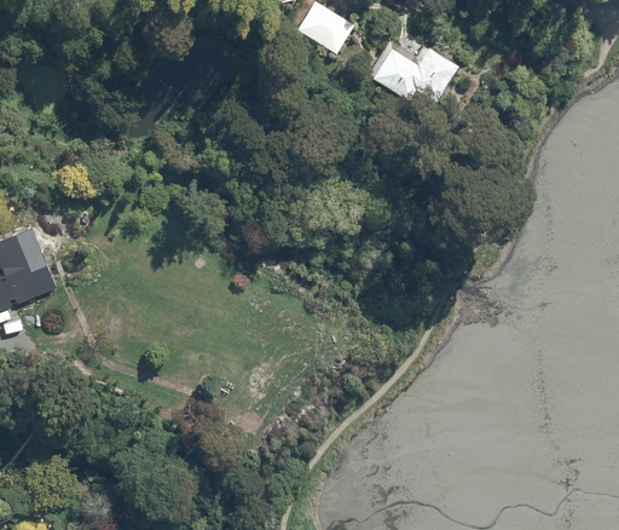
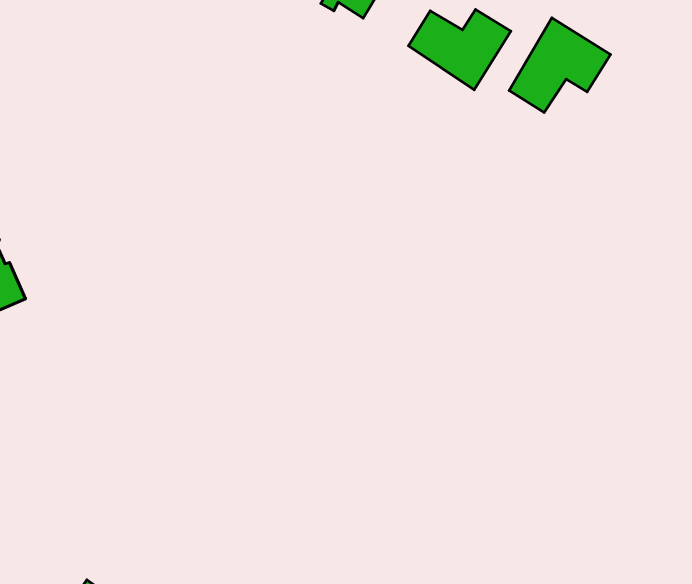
building: none -> [509,18,610,113]

